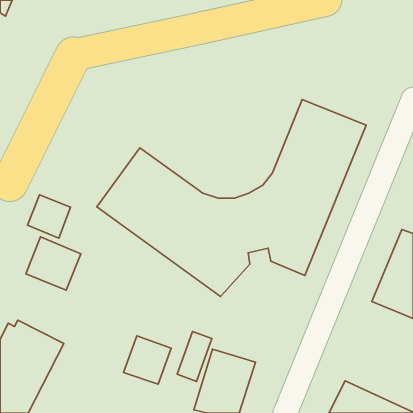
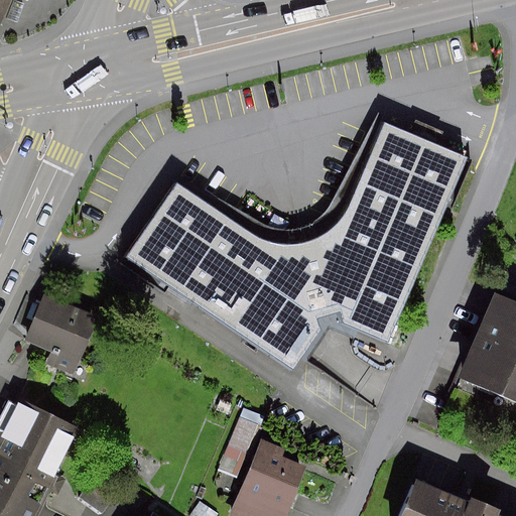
building: [27,195,71,238] -> none
building: [124,336,171,384] -> none

